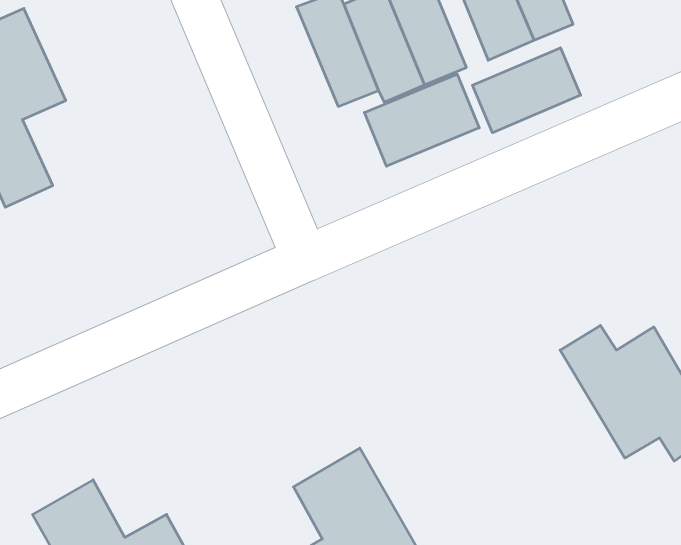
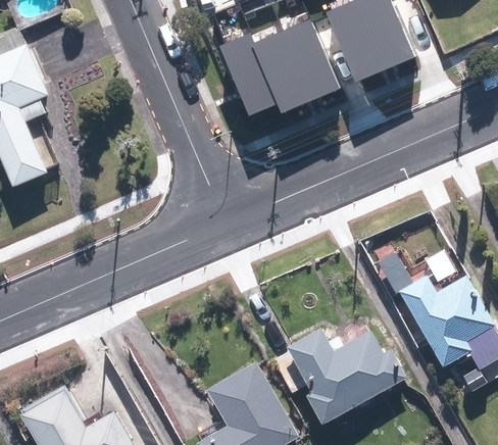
building: [472,48,581,133] -> none
building: [364,74,479,166] -> none
building: none -> [269,327,409,424]

